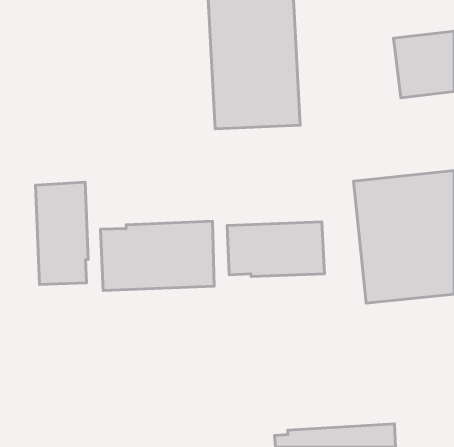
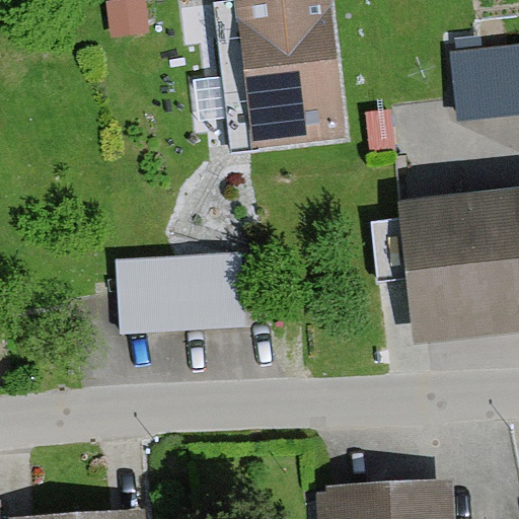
building: [35,182,88,284] -> none
building: [227,222,324,277] -> none

